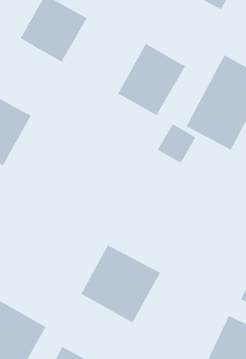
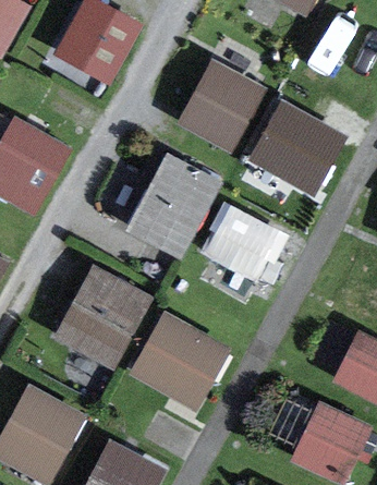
building: none -> [125,155,219,259]
building: none -> [197,199,289,283]
building: none -> [52,265,149,365]

